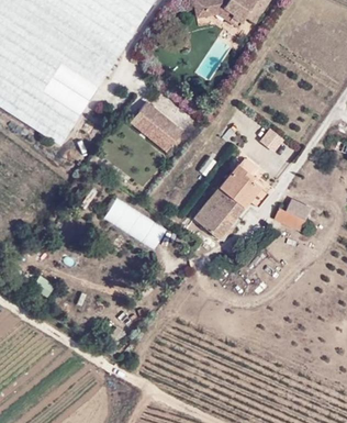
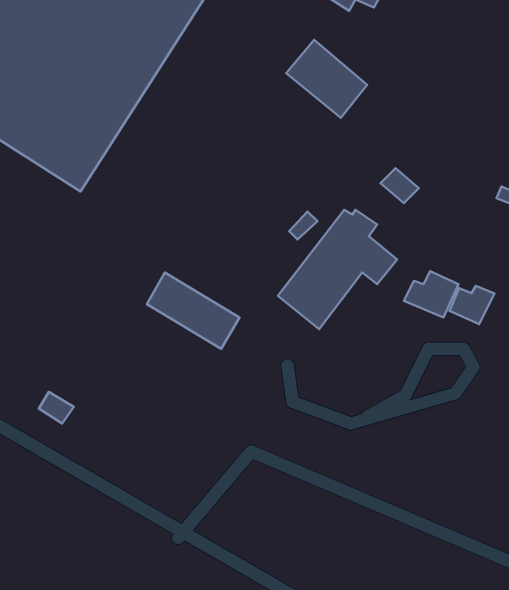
building: [128,99,182,151] -> [286,40,367,118]
building: none -> [450,286,494,324]

